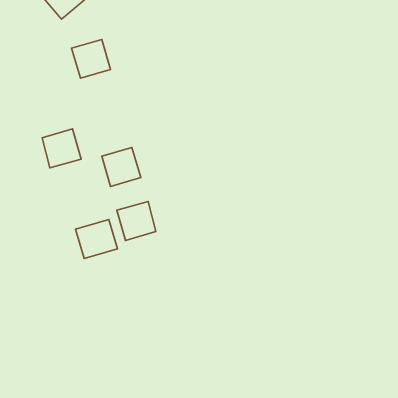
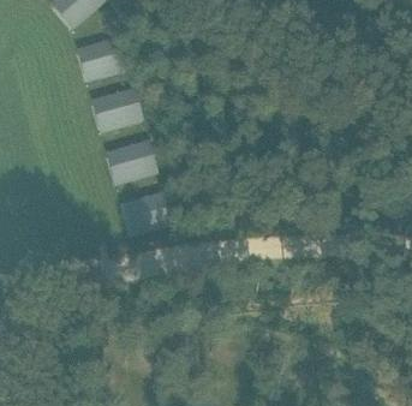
building: [42,129,81,168] -> [96,92,133,130]
building: [76,220,118,259] -> none

